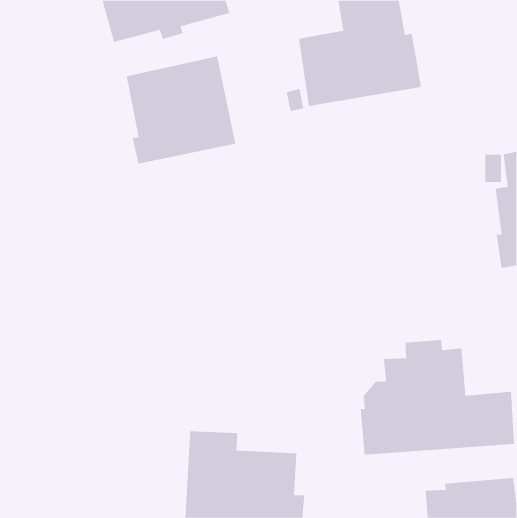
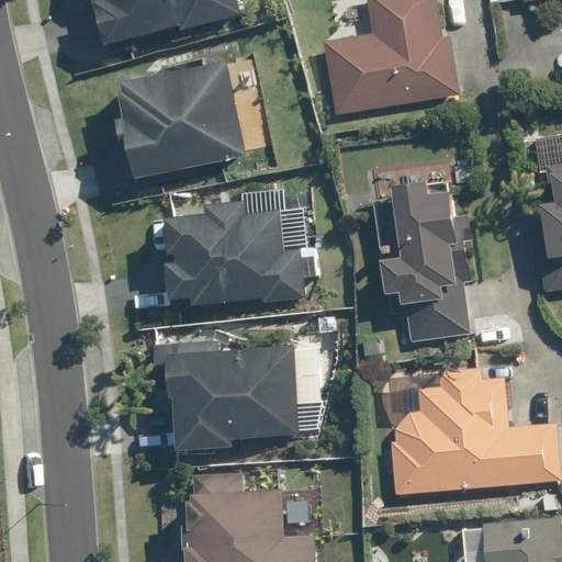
building: none -> [371,182,469,340]
building: none -> [182,203,310,304]
building: none -> [162,336,305,450]

